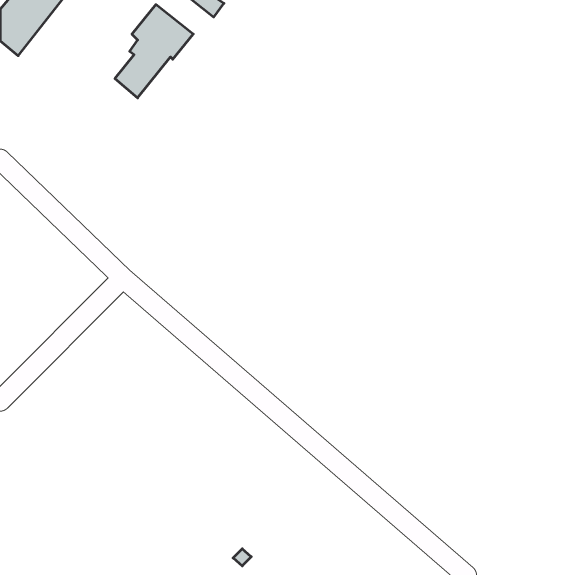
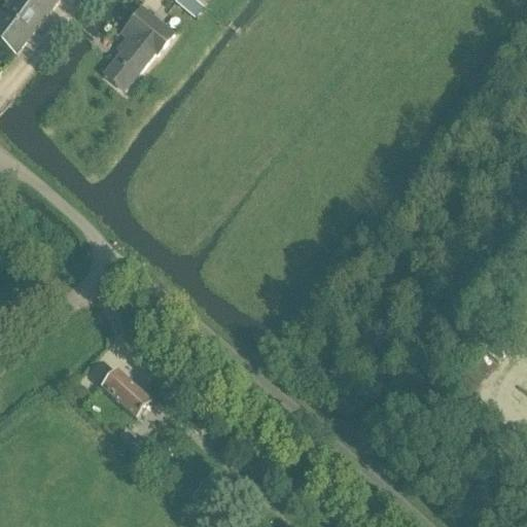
building: none -> [101,368,151,417]

